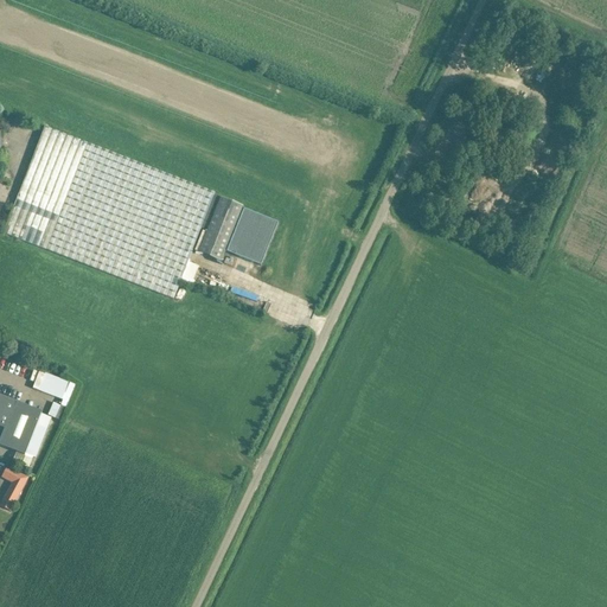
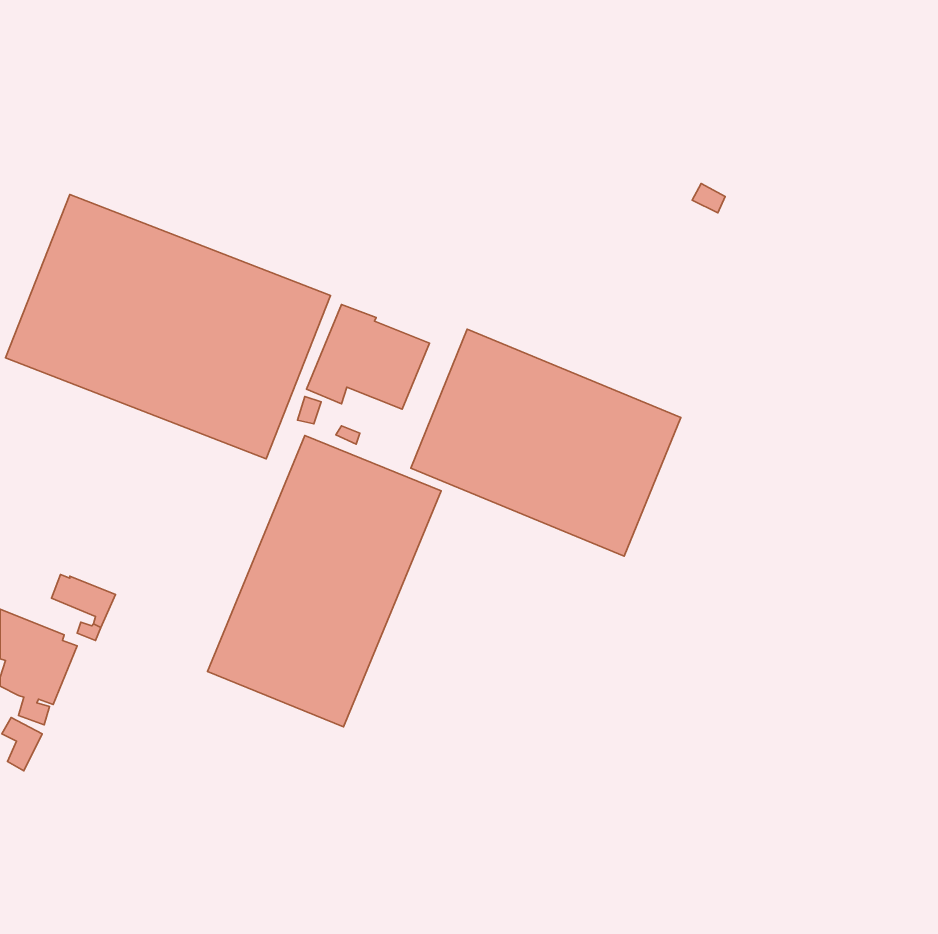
building: none -> [411,329,681,556]
building: none -> [207,435,441,727]

